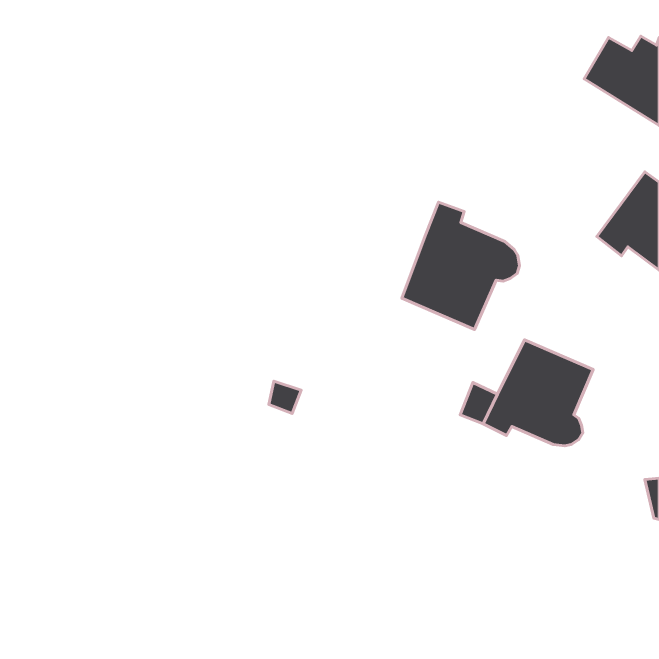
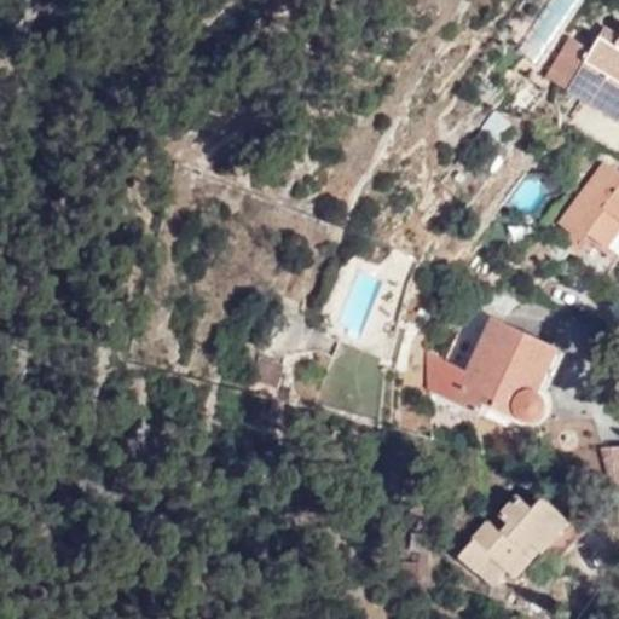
building: [402,202,519,330] -> none
building: none -> [461,492,594,584]

